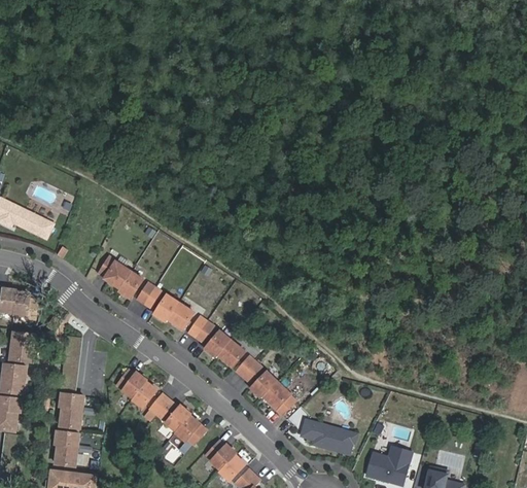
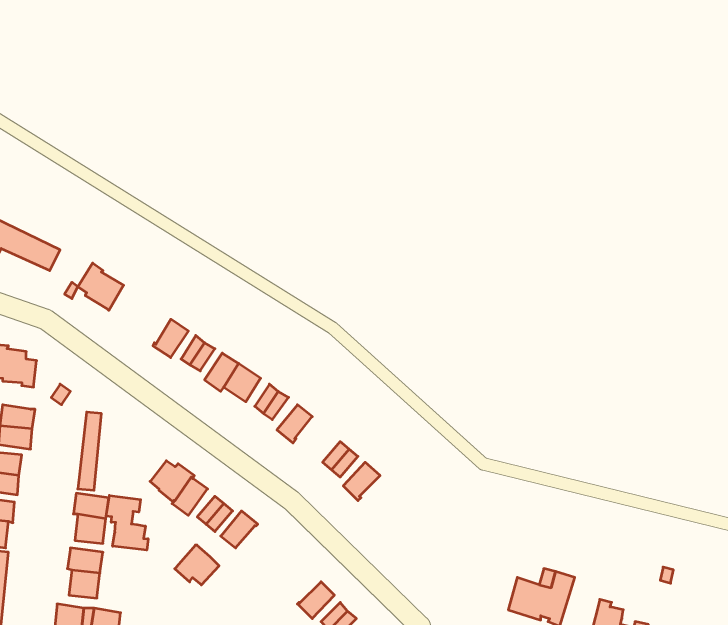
building: [98,255,130,288] -> [78,263,124,310]
building: [216,339,244,367] -> none
building: [261,380,294,413] -> none
building: none -> [106,495,148,550]
building: [174,415,205,443] -> [175,545,219,585]
building: [300,420,355,458] -> none
building: [206,440,236,469] -> none

